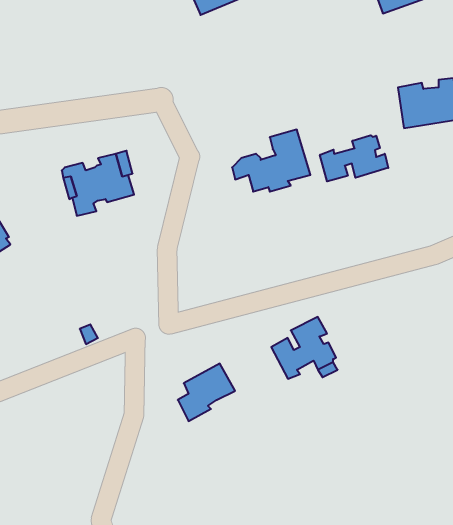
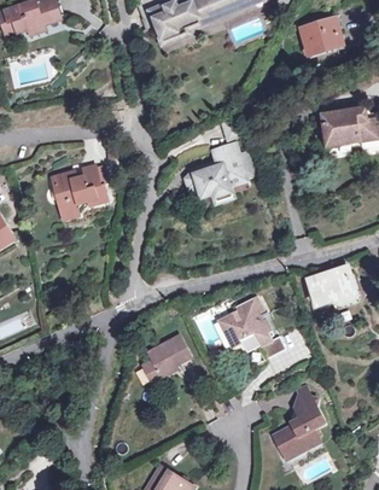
building: [320,135,388,181] -> none
building: none -> [308,266,355,303]
building: none -> [274,385,325,451]

